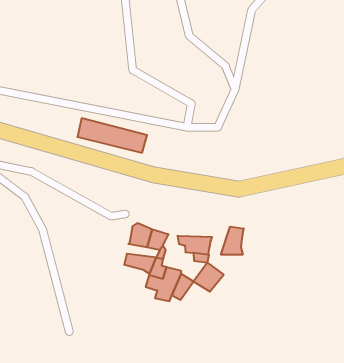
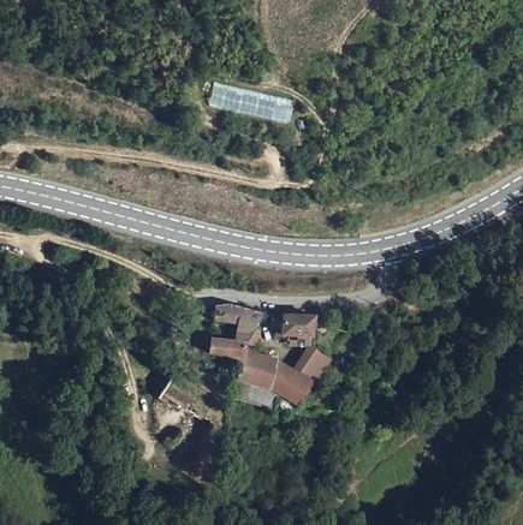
building: [77,118,147,153] -> [210,82,295,119]
building: [221,227,244,255] -> none
building: none -> [280,369,315,401]

